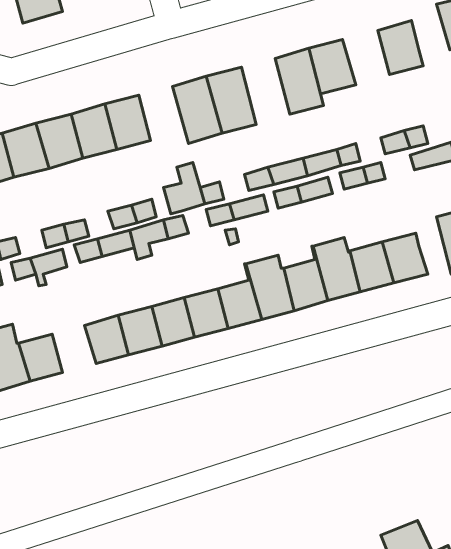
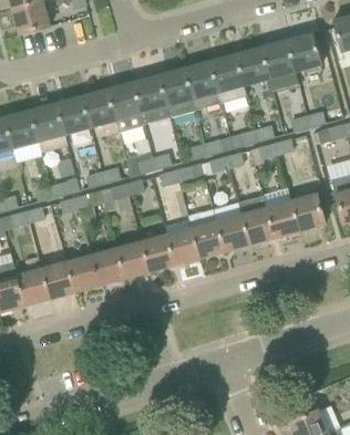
building: none -> [261,40,297,81]
building: none -> [185,61,222,111]
building: none -> [107,82,145,133]
building: none -> [42,262,75,298]

